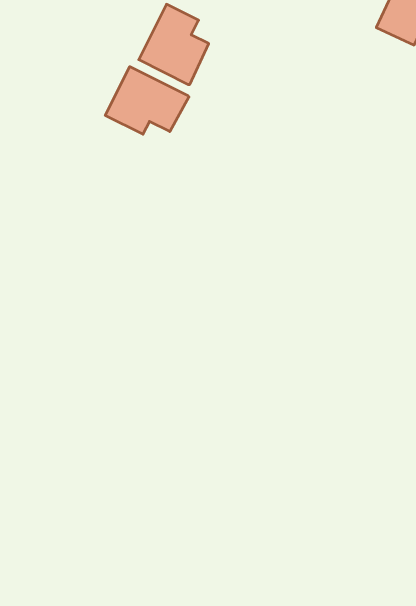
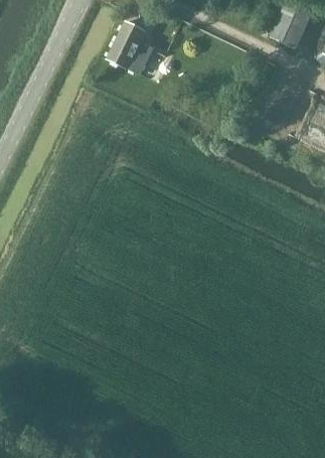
building: [105,67,189,134] -> none

